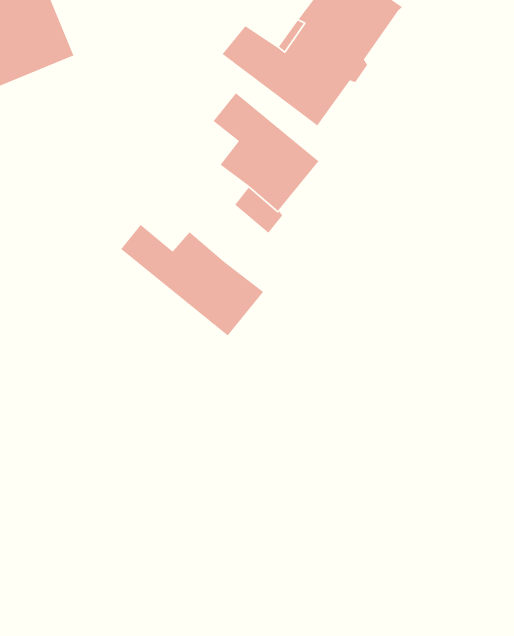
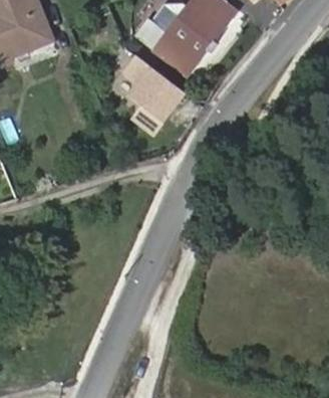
building: [120,224,264,336] -> none

